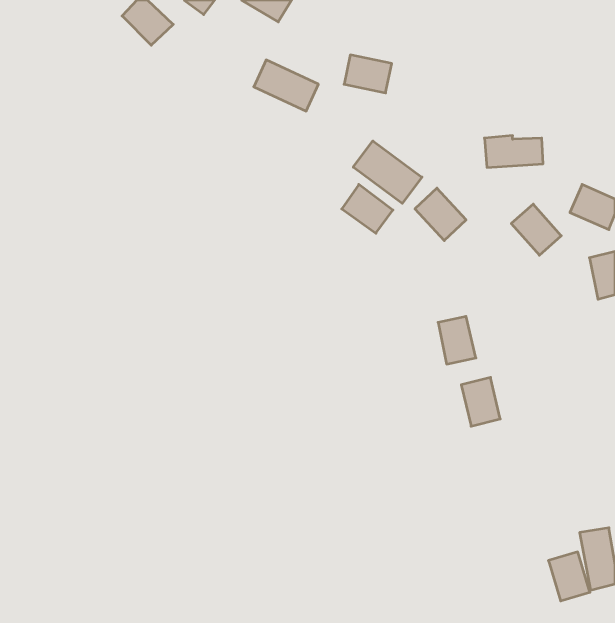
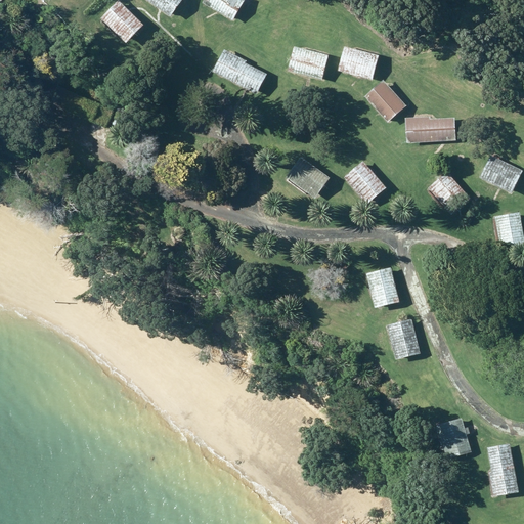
building: none -> [337,45,379,78]
building: none -> [362,80,405,124]
building: [353,141,422,203] -> none
building: [548,552,590,601] -> [438,417,473,457]

